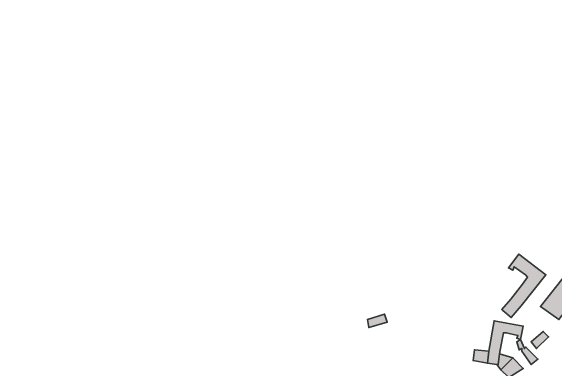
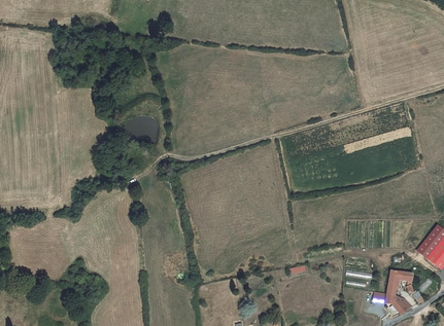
building: [502,254,546,318] -> none

